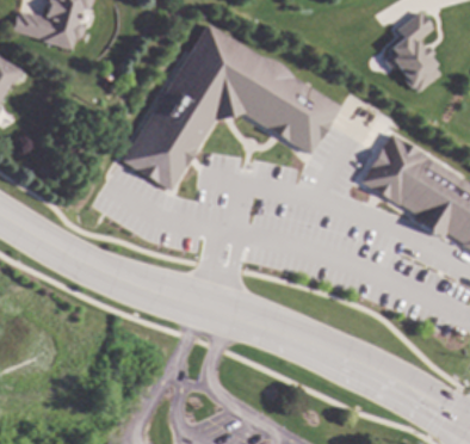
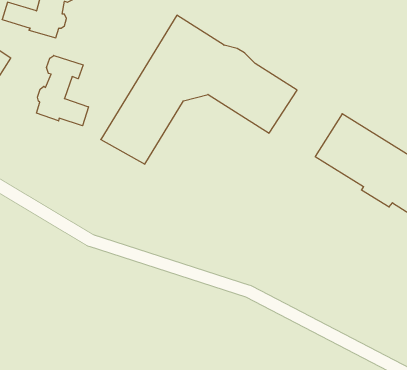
building: [382,12,439,94] -> none
building: none -> [37,55,88,126]

